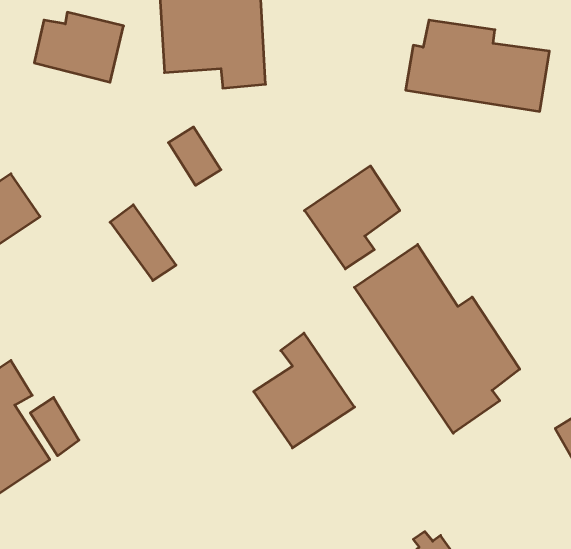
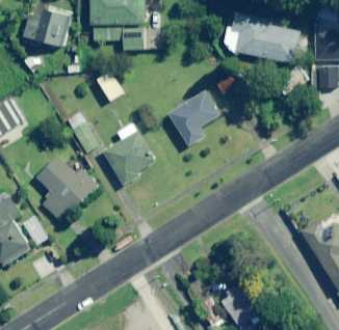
building: [354,244,520,433] -> none
building: none -> [35,158,96,221]
building: [254,333,355,448] -> [102,122,156,184]

